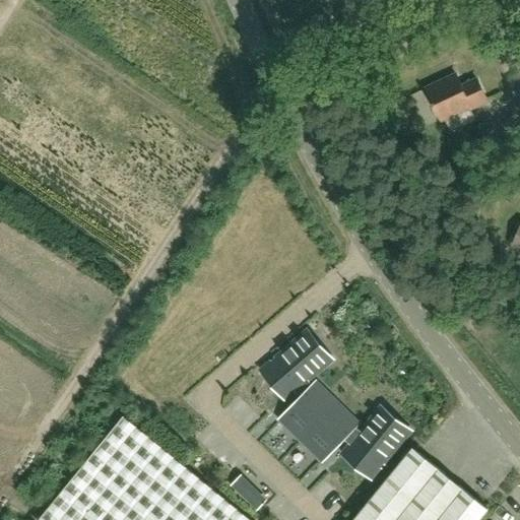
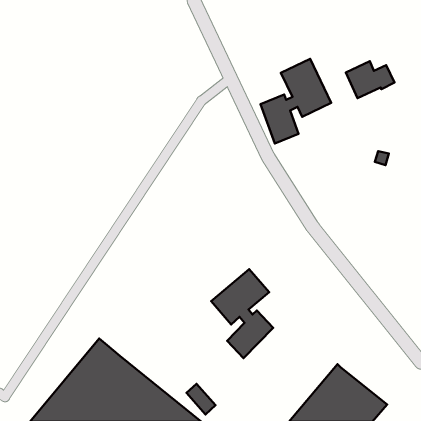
building: none -> [261,59,331,144]
building: [300,404,409,479] -> none

